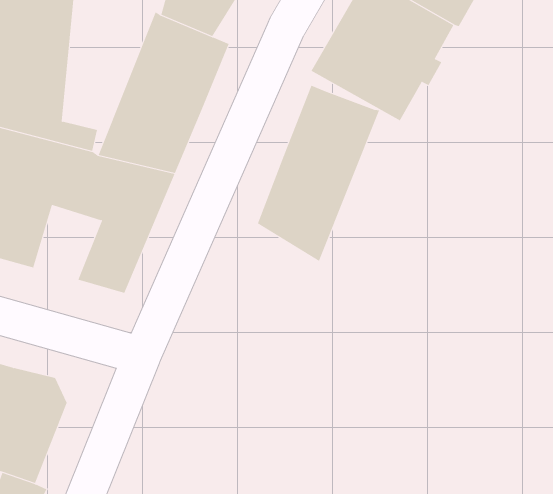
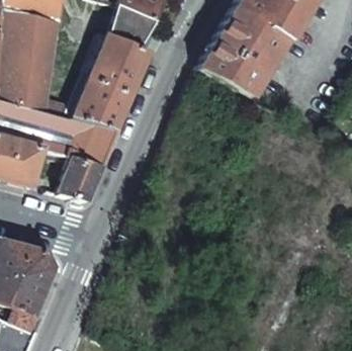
building: [257,85,380,262] -> none

